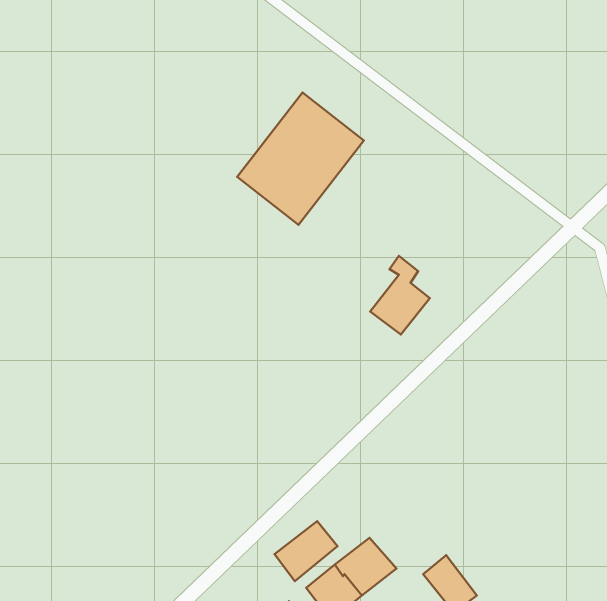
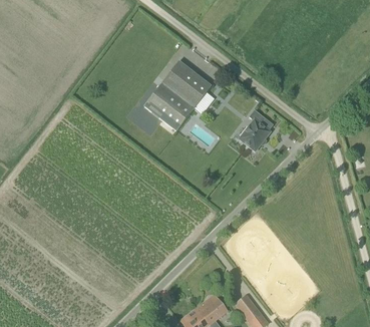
building: [370,256,430,335] -> [239,109,270,150]
building: [275,521,338,581] -> none

